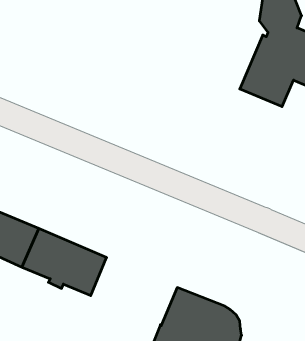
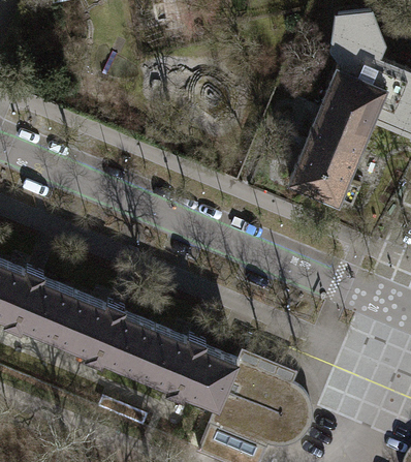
building: none -> [289,127,361,204]
building: none -> [136,325,238,404]

